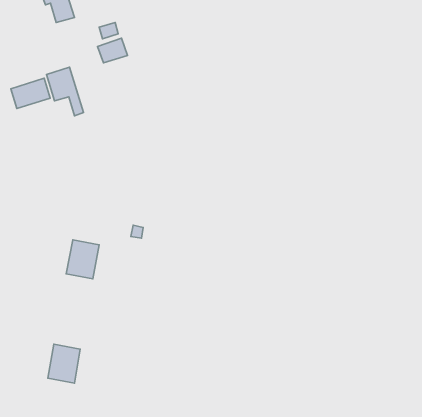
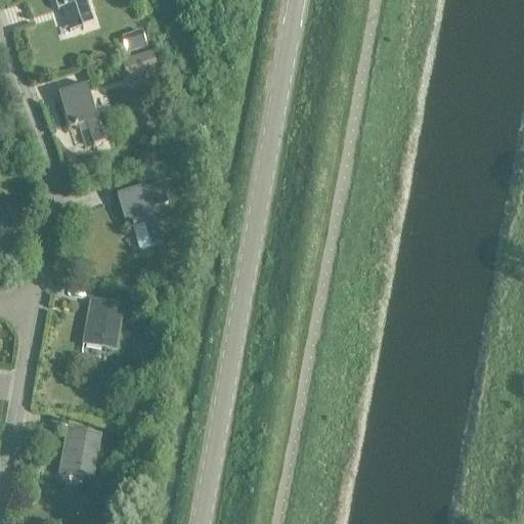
building: [11,78,50,109] -> none
building: none -> [117,179,167,245]

